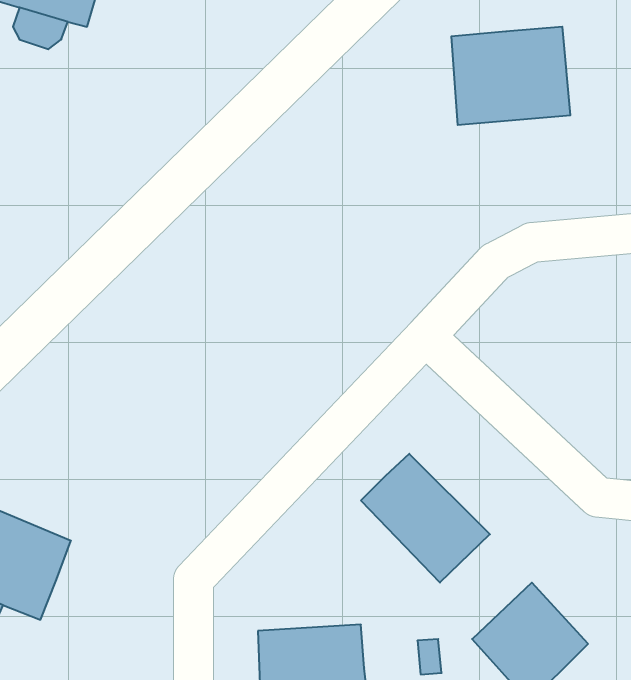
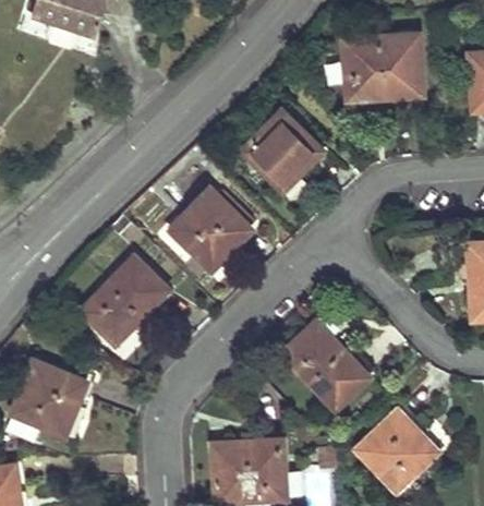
building: none -> [241,110,322,201]
building: none -> [170,190,251,269]
building: none -> [82,256,168,342]

